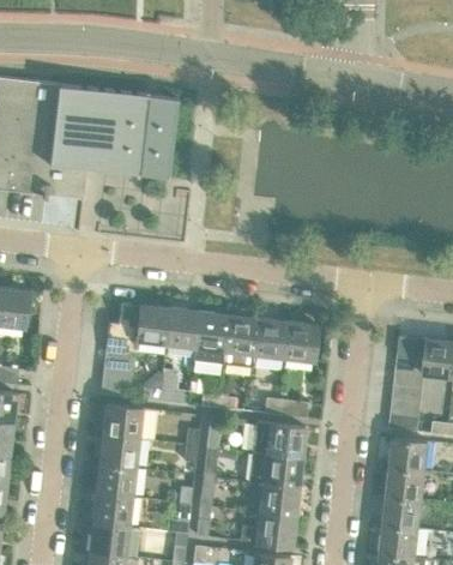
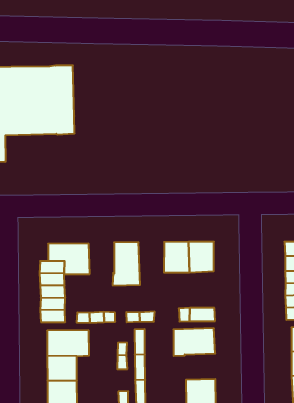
building: [165,309,199,349] -> none
building: [223,315,258,368] -> none
building: [247,453,301,488] -> none

